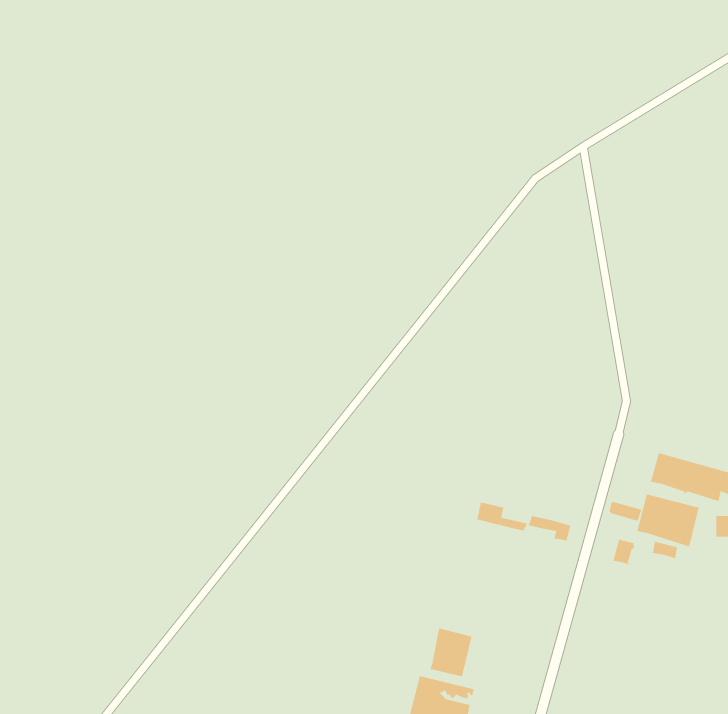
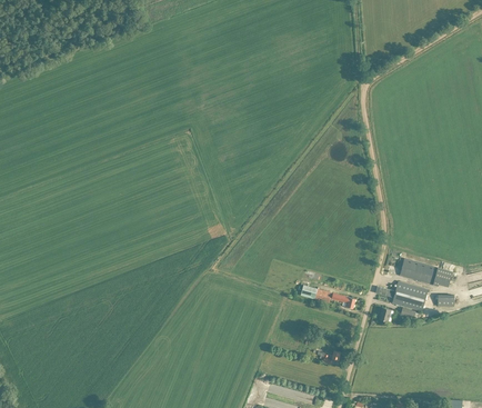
building: [430,627,472,677] -> none

